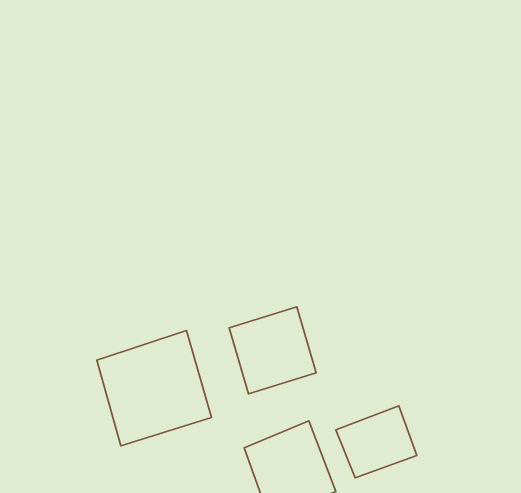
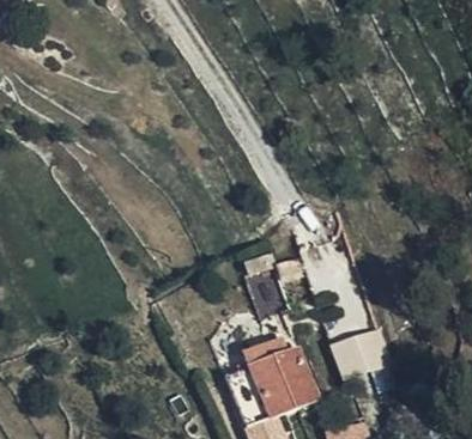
building: [97,331,211,446] -> none

